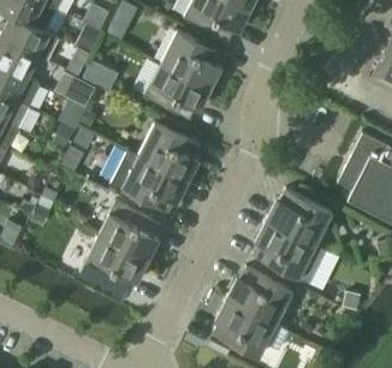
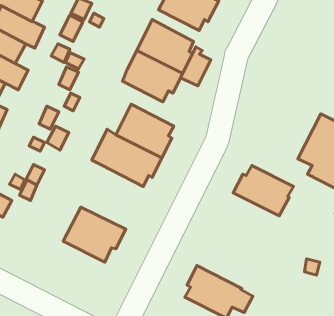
building: none -> [180,47,211,86]
building: [97,202,159,260] -> none
building: [251,220,325,285] -> none
building: [225,268,291,325] -> none

